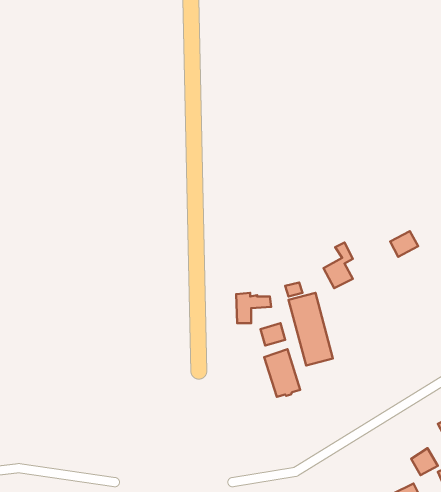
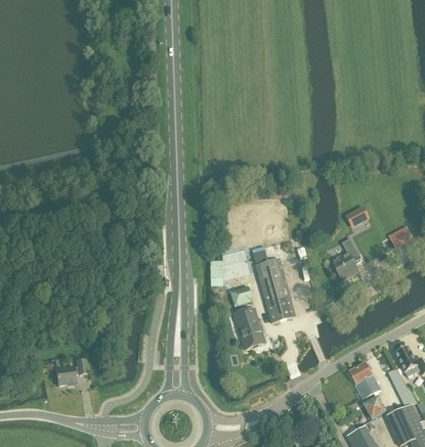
building: [324,243,353,288] -> [331,238,356,278]
building: none -> [54,358,86,384]
building: none -> [347,362,379,398]

